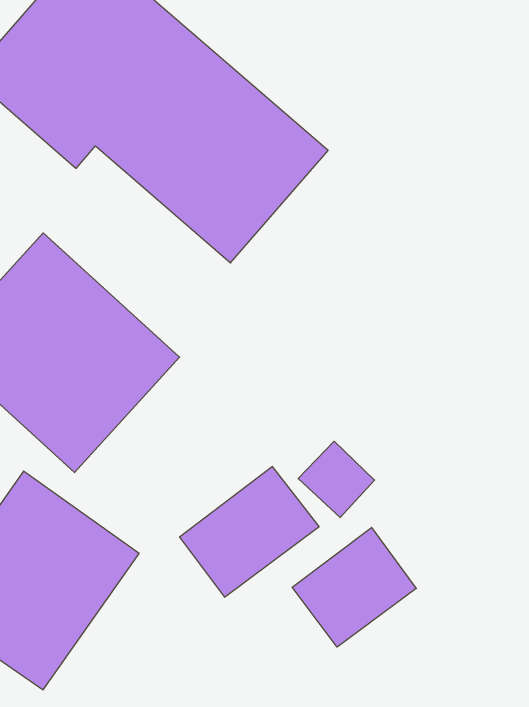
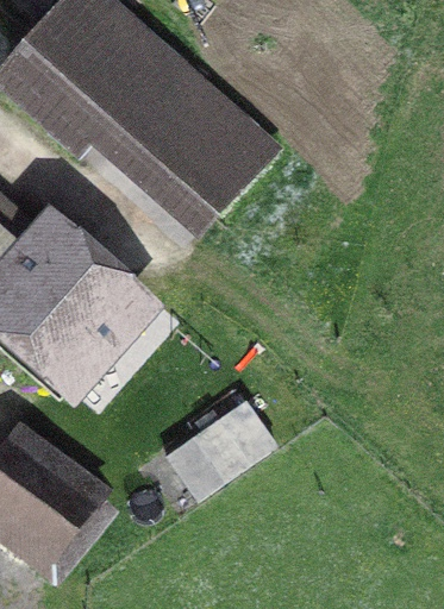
building: [292,527,416,647] -> none

